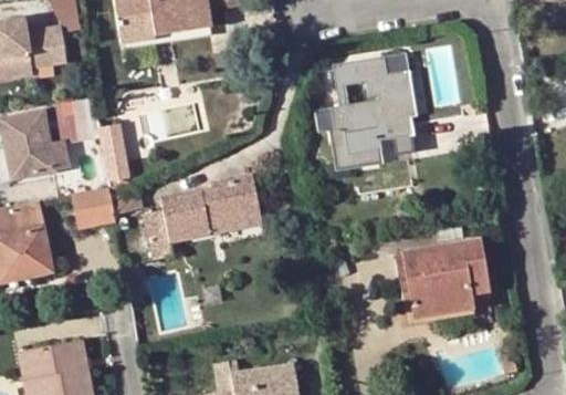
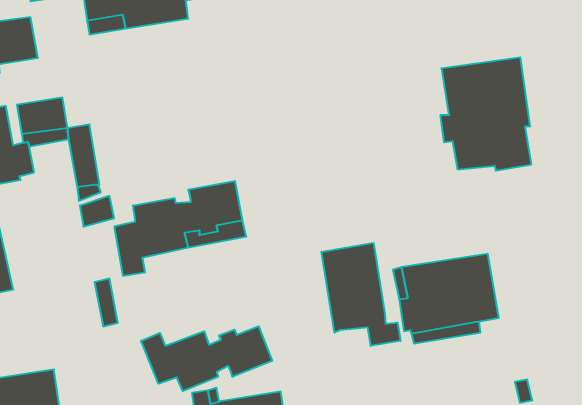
building: [329,54,411,156] -> [440,57,531,171]
building: [73,188,109,228] -> none
building: none -> [322,243,400,346]
building: none -> [141,326,272,391]

